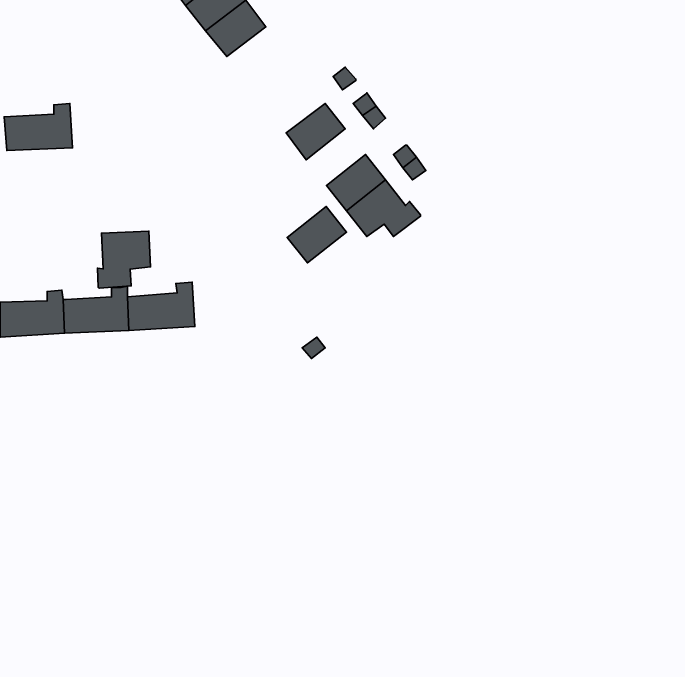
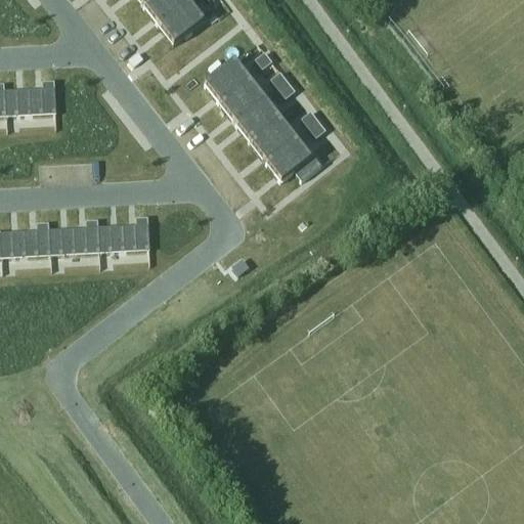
building: none -> [204,58,249,101]
building: [287,207,346,263] -> [234,98,279,141]
building: [98,231,150,288] -> none

